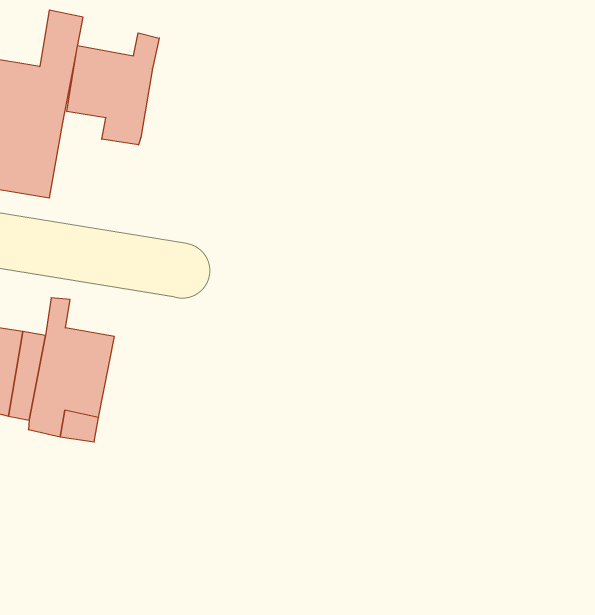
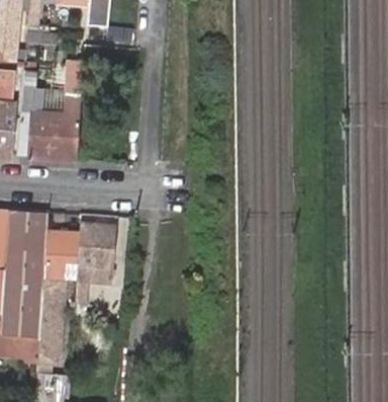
building: [67,33,159,145] -> none

